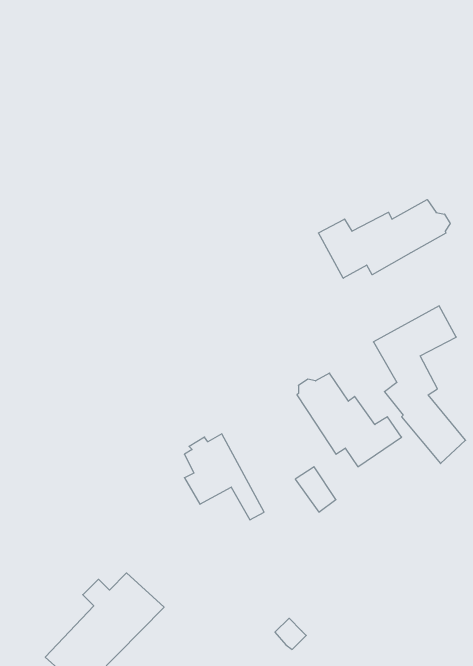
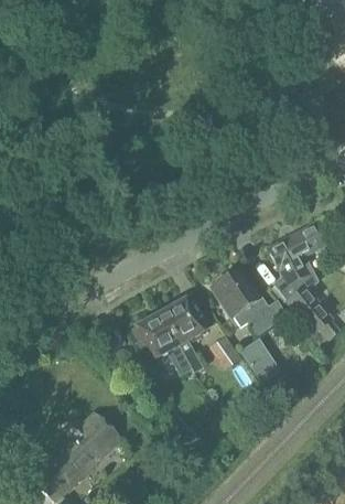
building: [318,200,450,278] -> none
building: none -> [160,298,205,369]
building: none -> [240,339,279,383]

